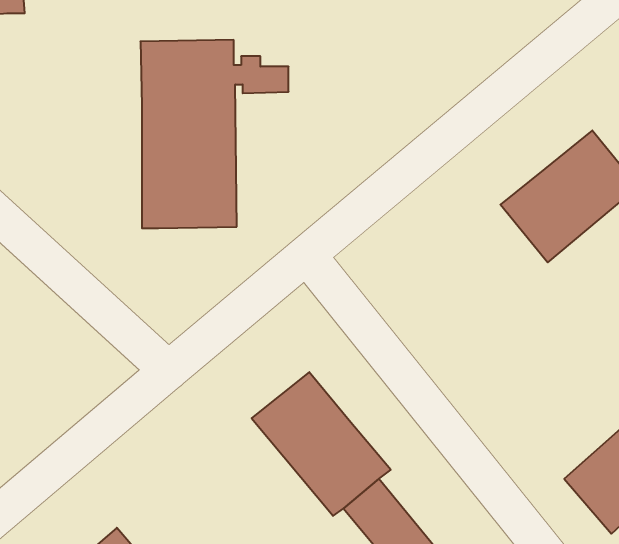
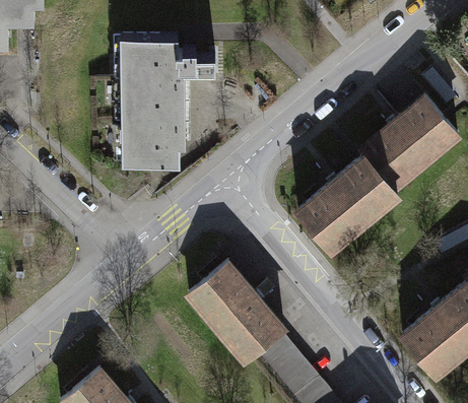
building: none -> [296,156,399,253]

